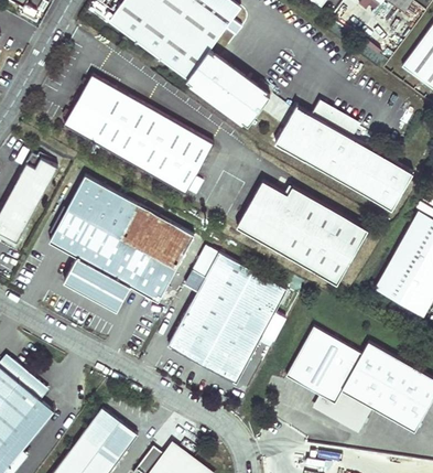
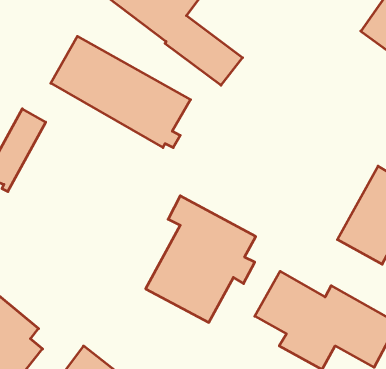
building: [275,104,414,211] -> none
building: [47,175,192,311] -> none
building: [237,180,369,284] -> none

